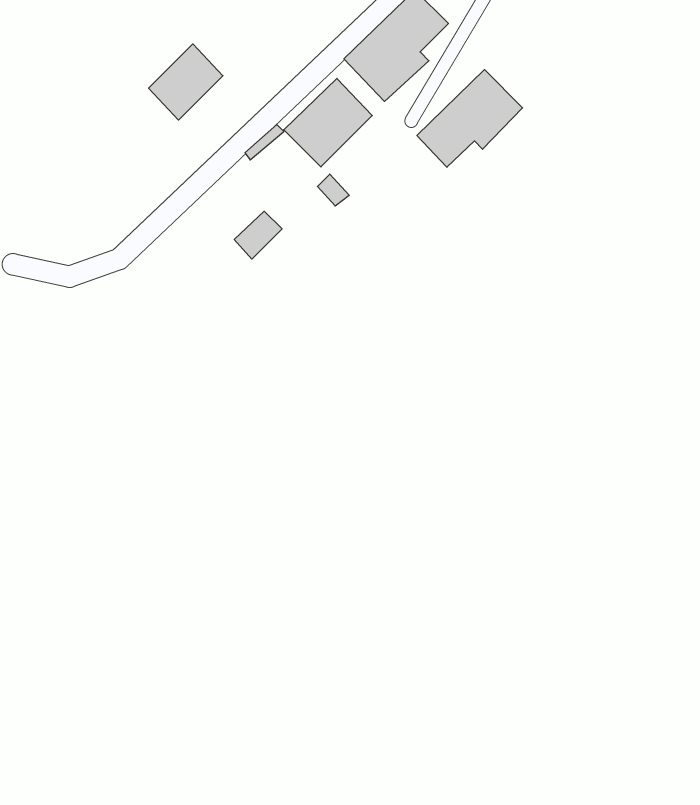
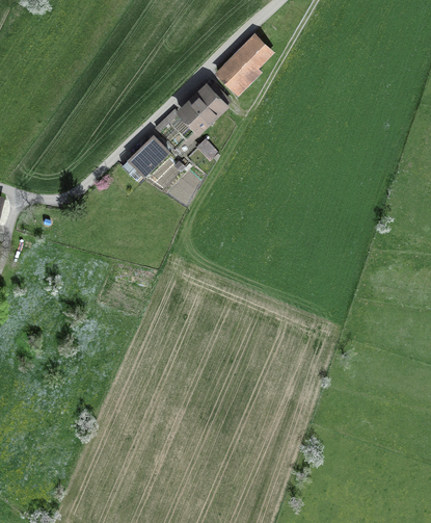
building: [149,44,223,120] -> [126,134,169,179]
building: [417,70,523,167] -> none

